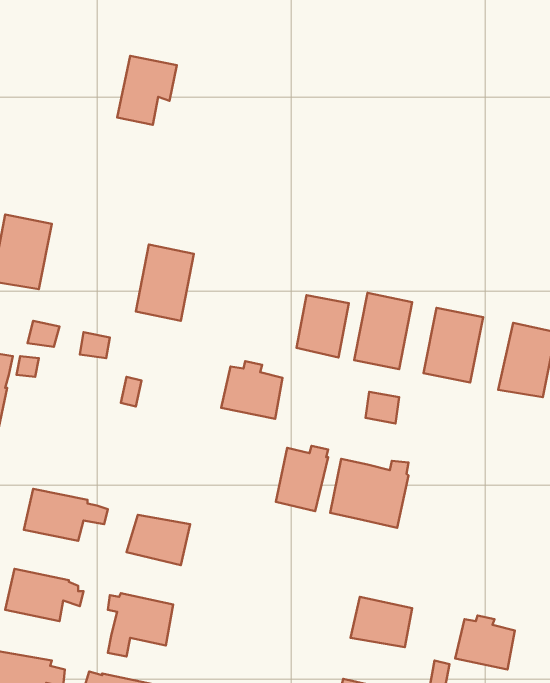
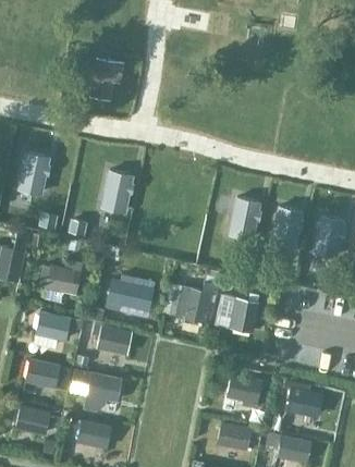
building: [296,295,349,357] -> none
building: [221,361,283,419] -> [106,275,142,309]
building: none -> [45,261,81,295]

